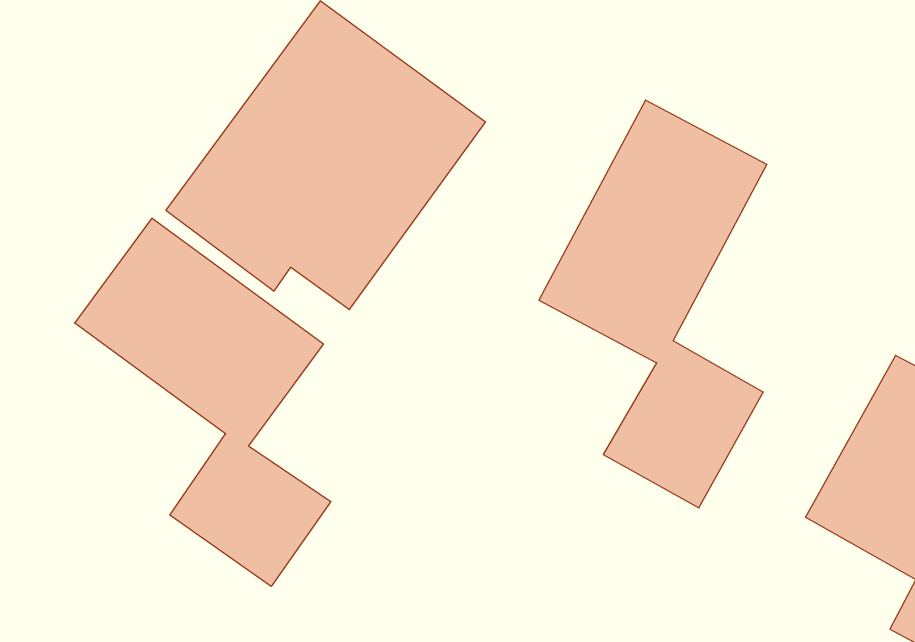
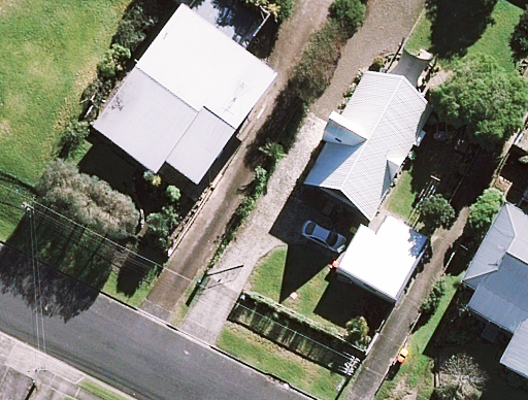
building: [75,218,331,586] -> none

